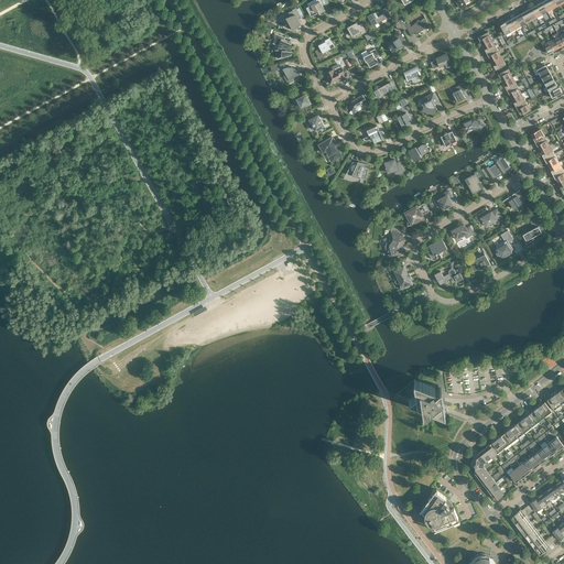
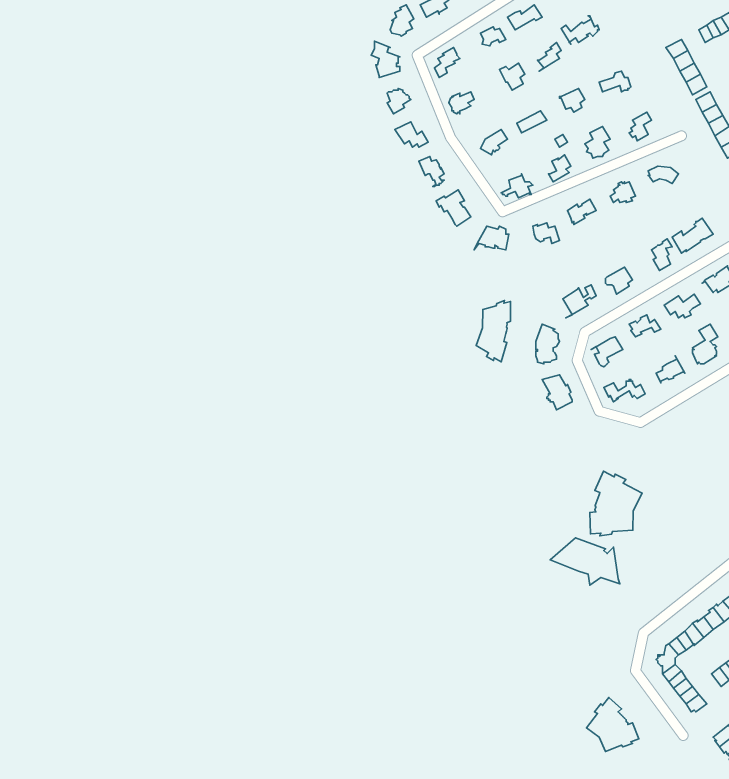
building: none -> [476,301,511,362]
building: none -> [590,471,642,536]

